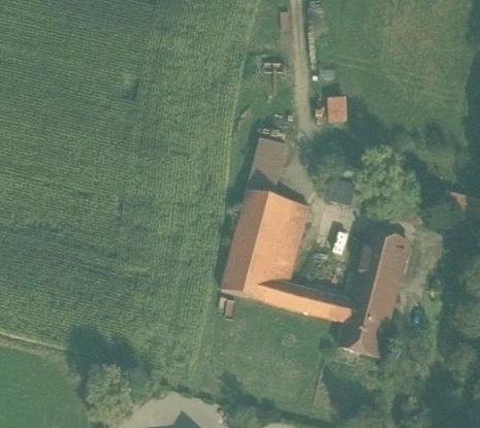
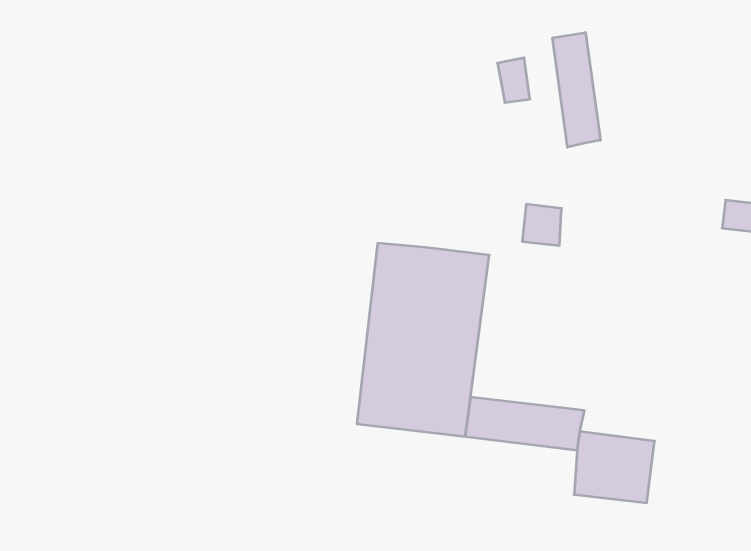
building: none -> [553,32,600,147]
building: [248,138,287,195] -> none
building: [347,230,409,322] -> none

